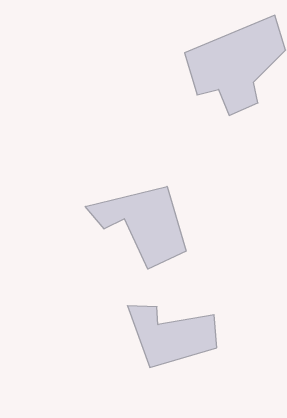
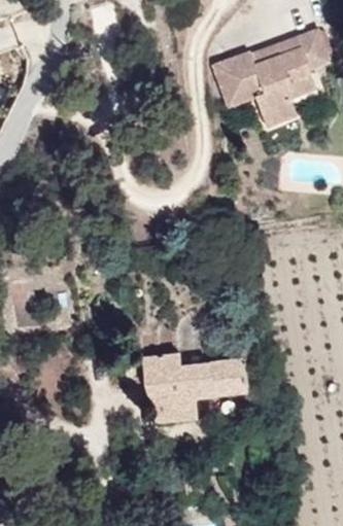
building: [85,186,186,269] -> none

